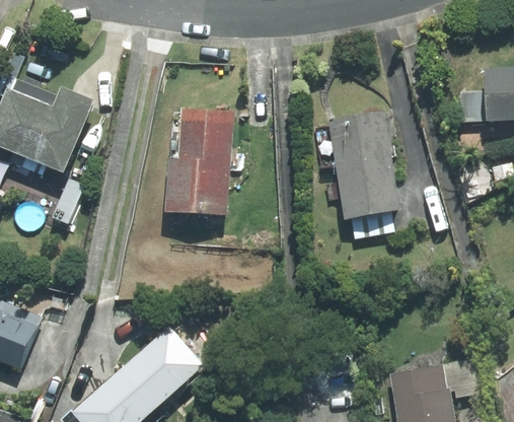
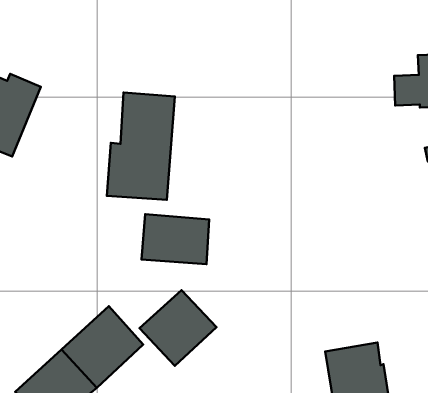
building: [327,111,400,238] -> none
building: none -> [142,214,209,264]
building: none -> [140,290,216,366]

